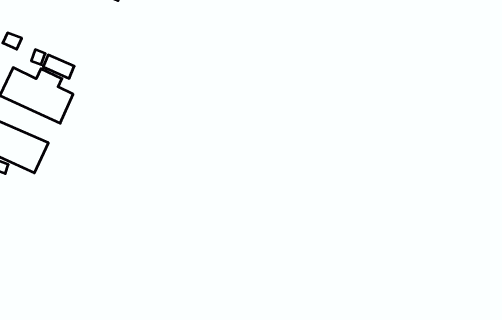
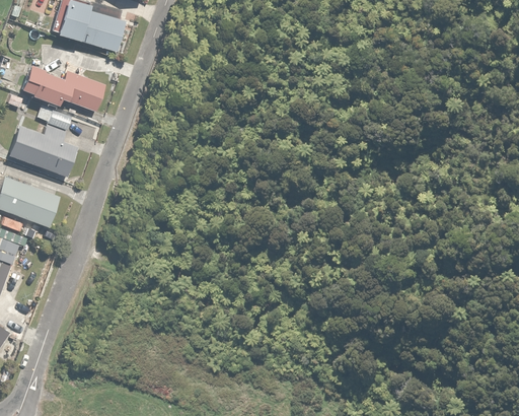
building: none -> [21,66,106,113]

